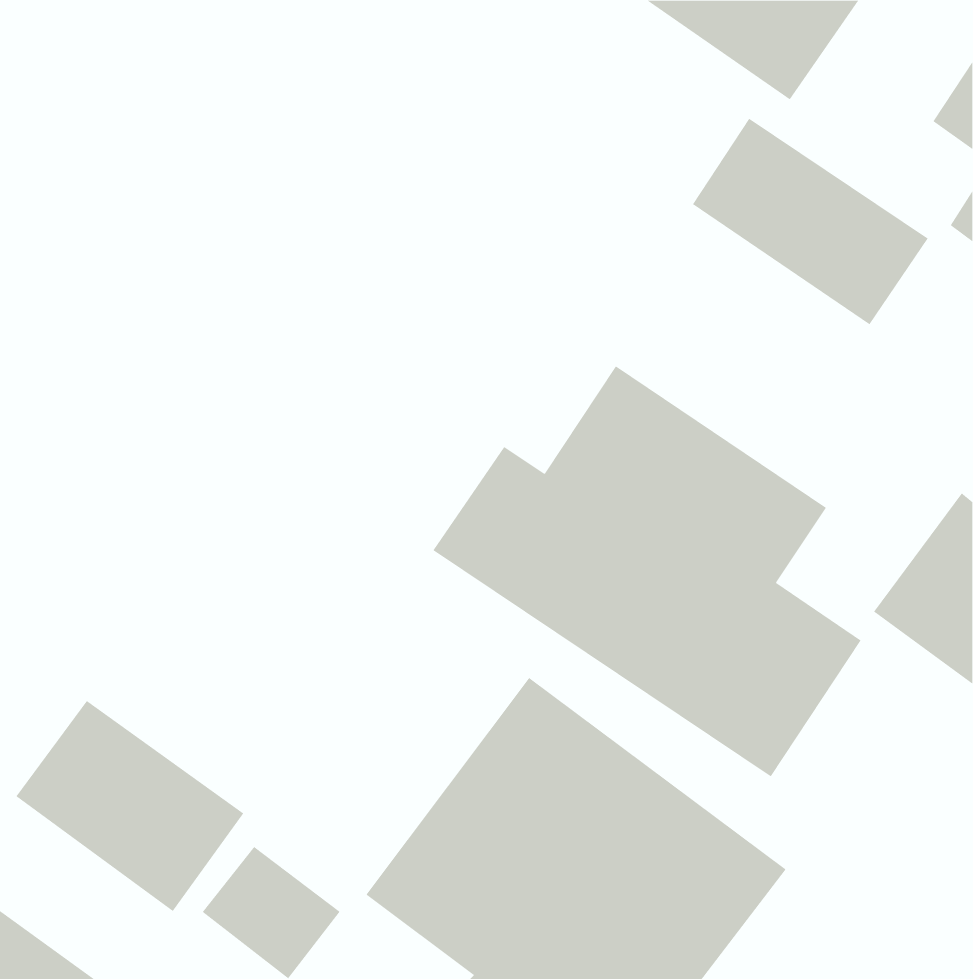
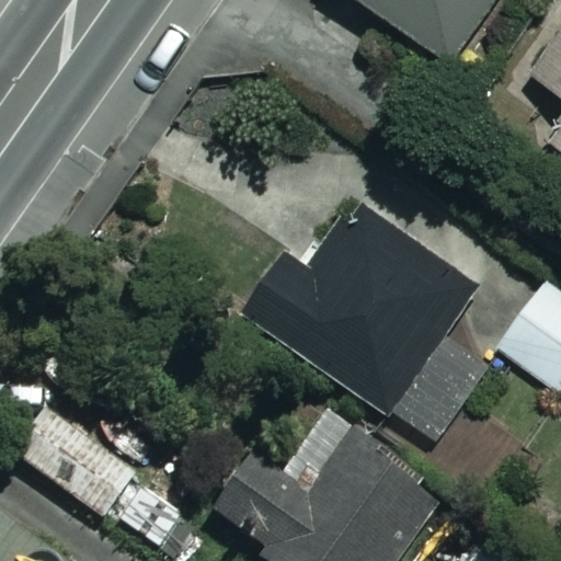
building: [692,118,929,325] -> none

